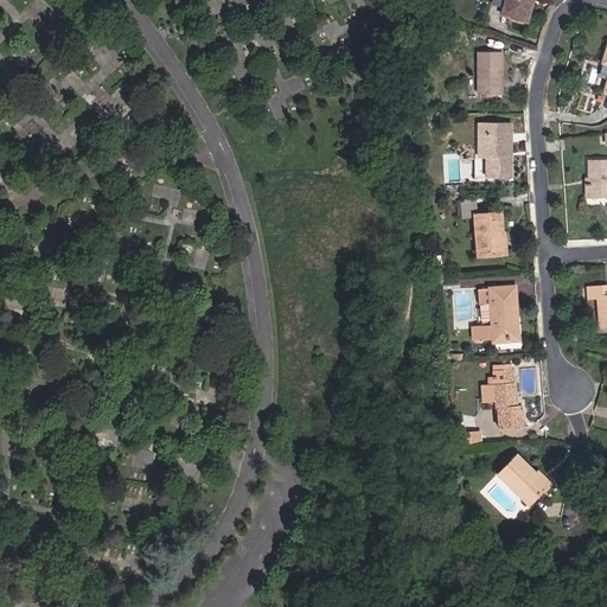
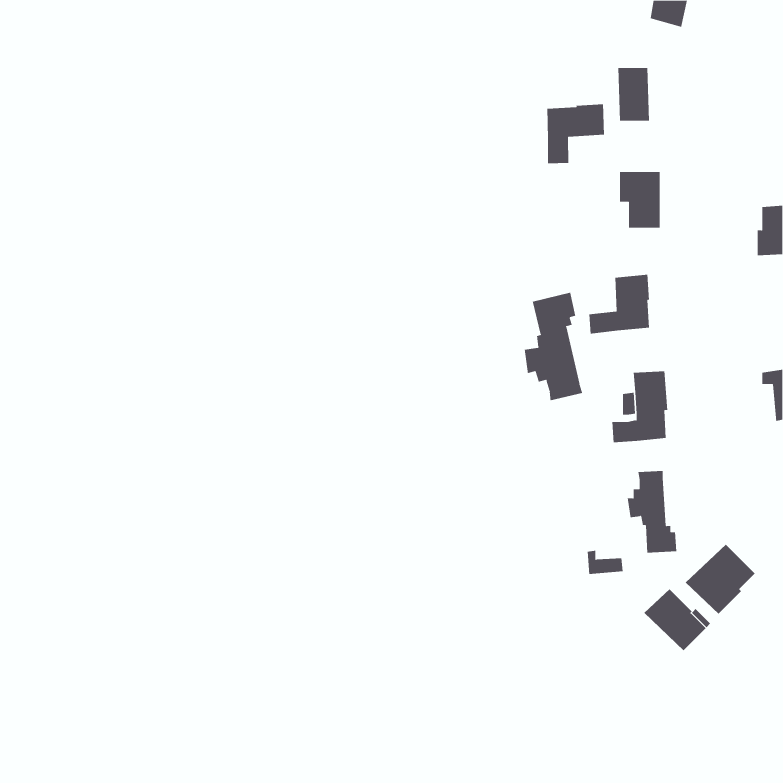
building: none -> [547,104,604,164]
building: none -> [524,292,583,401]
building: none -> [685,544,755,615]

